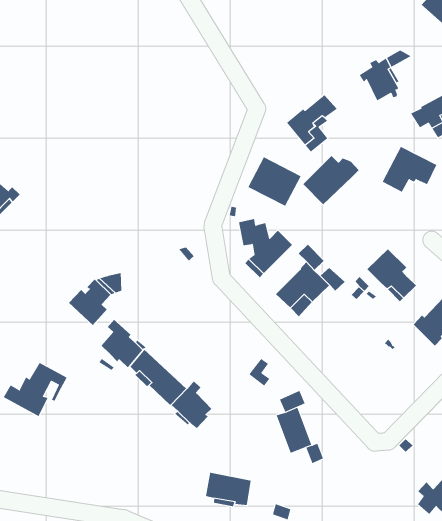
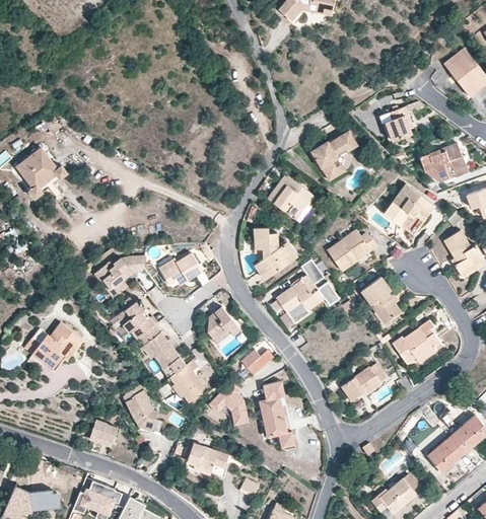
building: [302,155,360,205] -> [327,230,378,273]
building: none -> [159,253,203,287]
building: none -> [208,308,240,344]
building: none -> [341,364,388,402]
building: none -> [207,381,249,425]
building: none -> [126,386,158,432]
building: none -> [89,420,118,448]

